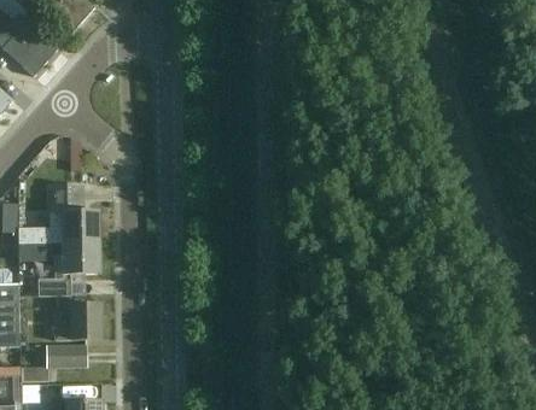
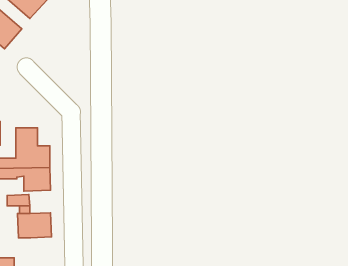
building: [46,345,87,367] -> none

